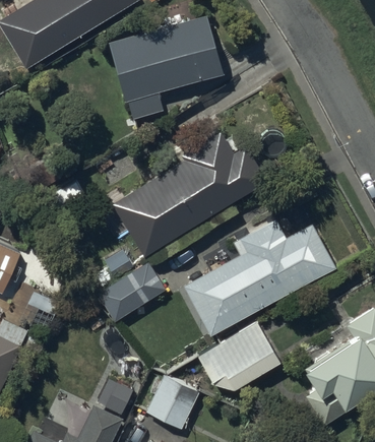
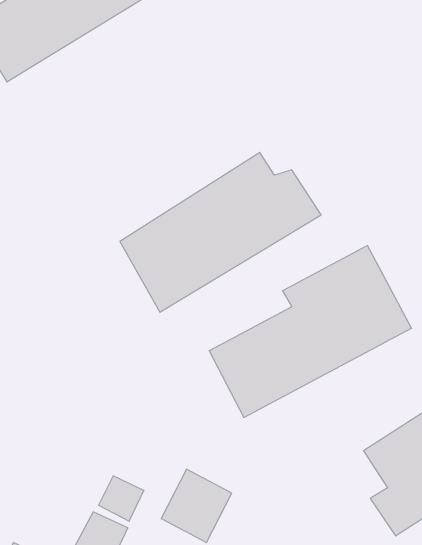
building: [110,22,225,108] -> none
building: [98,256,167,326] -> none
building: [200,330,280,394] -> none

